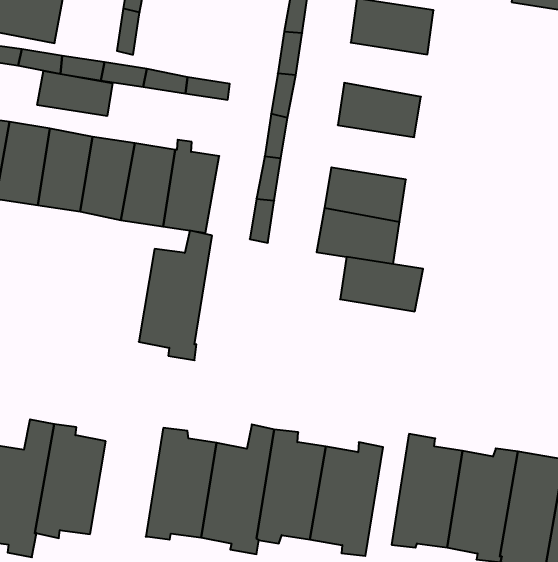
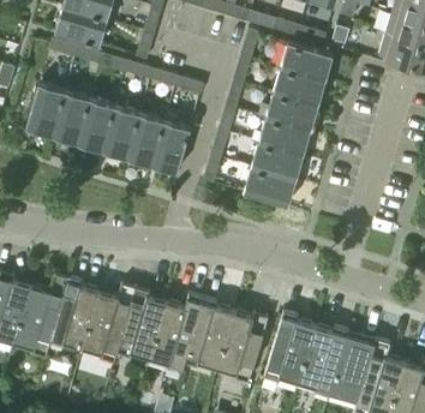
building: none -> [273,70,325,108]
building: [37,71,113,116] -> none
building: [139,231,212,360] -> [83,285,136,364]
building: [340,257,423,311] -> [258,119,311,157]

